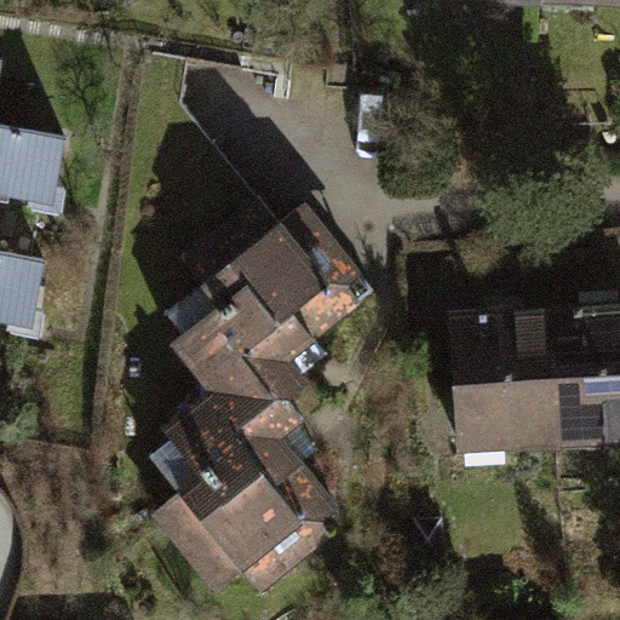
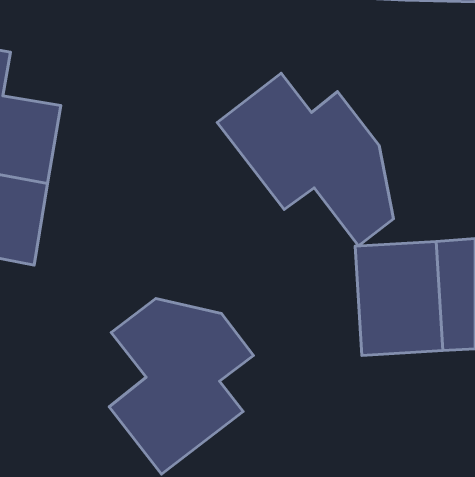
building: none -> [217,73,393,246]
building: [160,182,343,400] -> none

